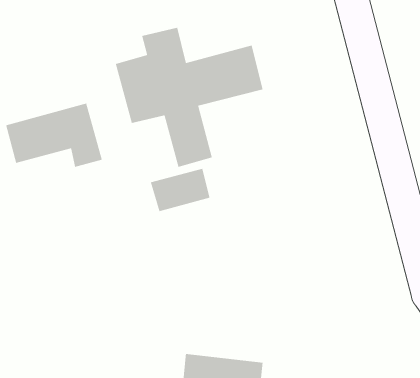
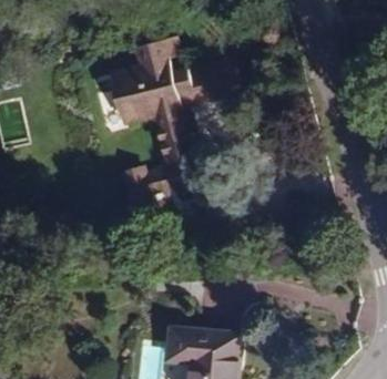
building: [5,103,103,168] -> none

